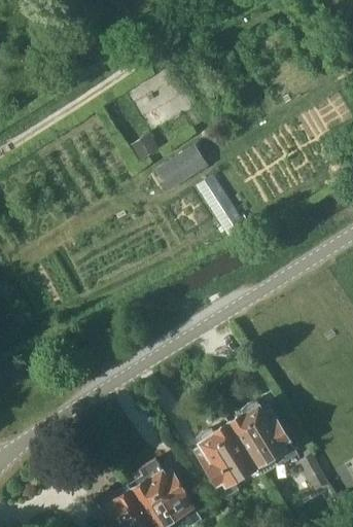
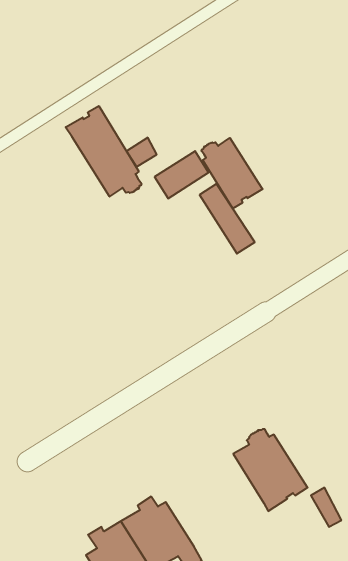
building: none -> [66,106,141,197]
building: none -> [201,138,263,209]
building: [195,422,257,497] -> none

